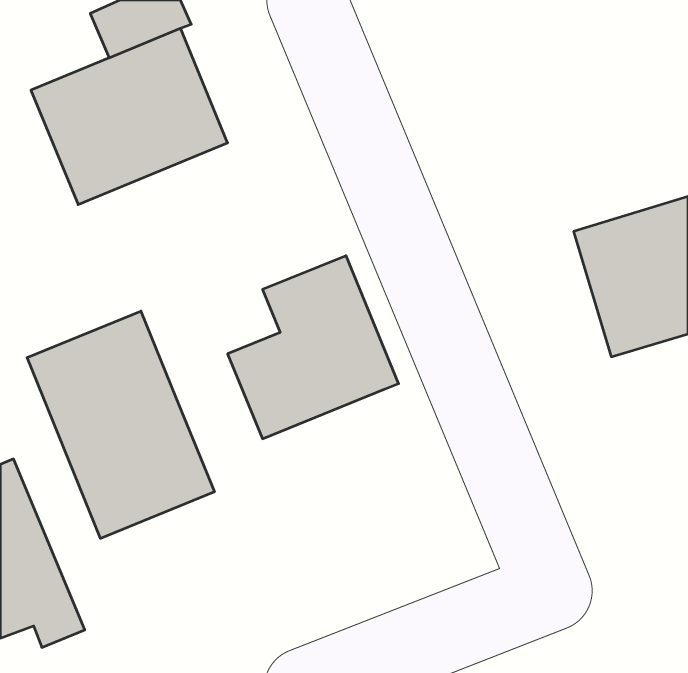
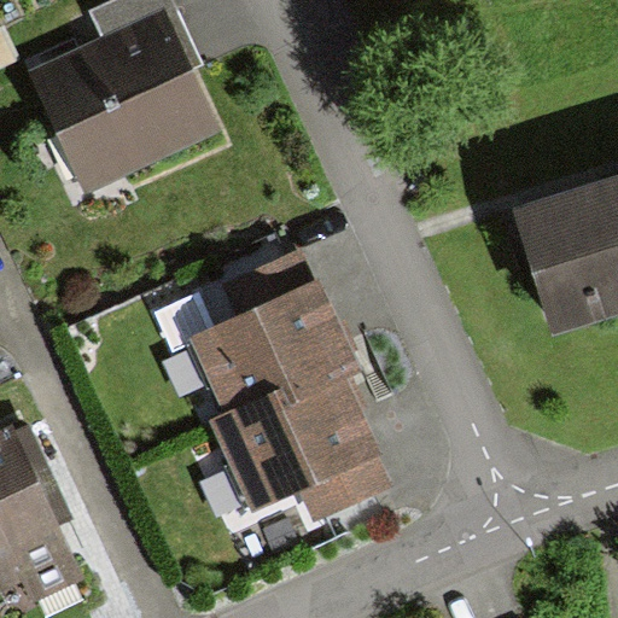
building: [27,311,214,538] -> none
building: none -> [222,362,391,508]

